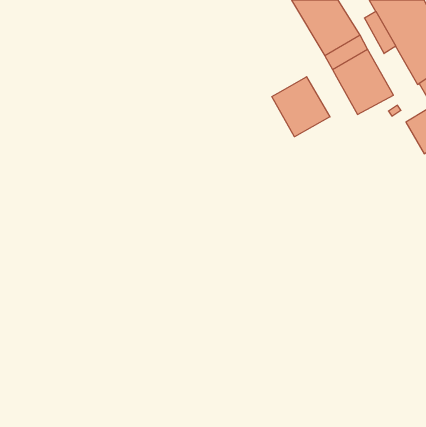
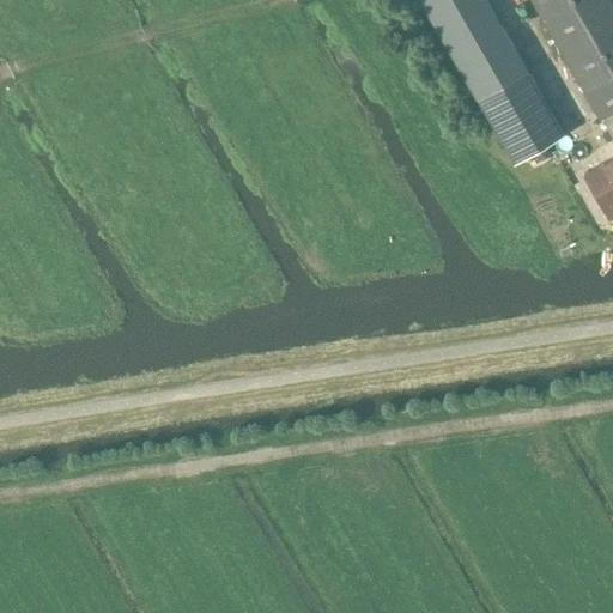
building: [364,11,396,54] -> none
building: [272,77,330,137] -> none

